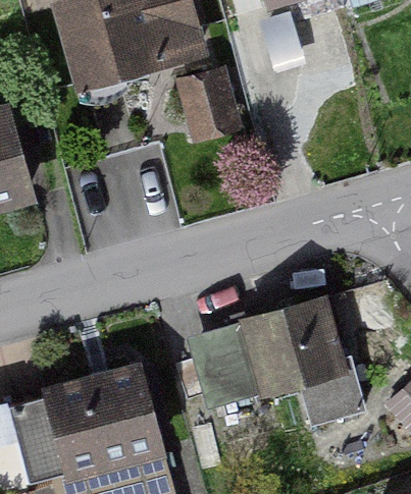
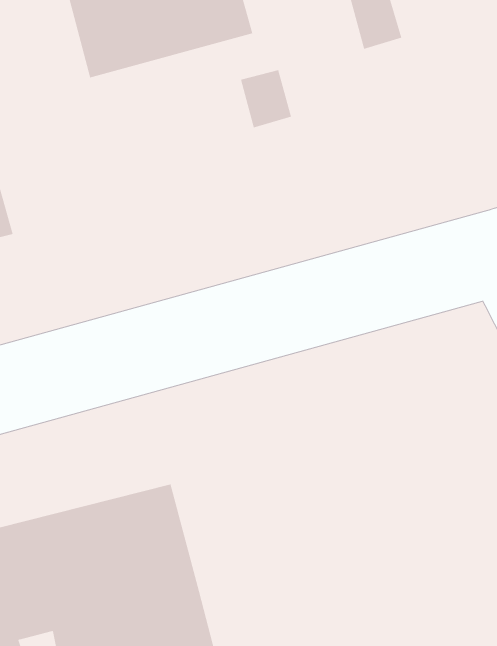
building: [198,301,365,426] -> none

